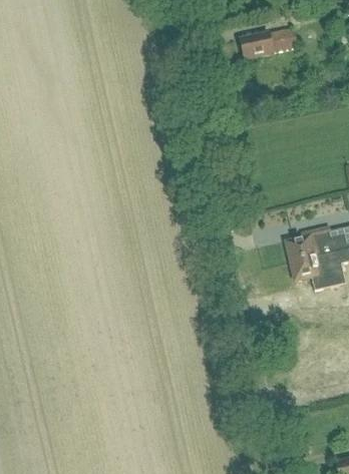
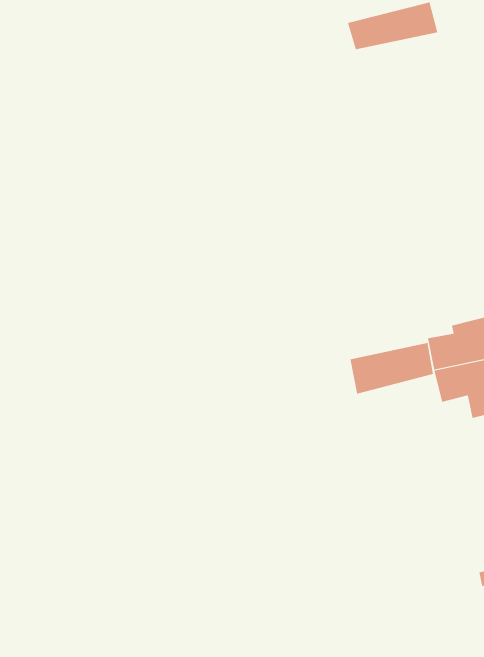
building: none -> [350,342,434,395]

